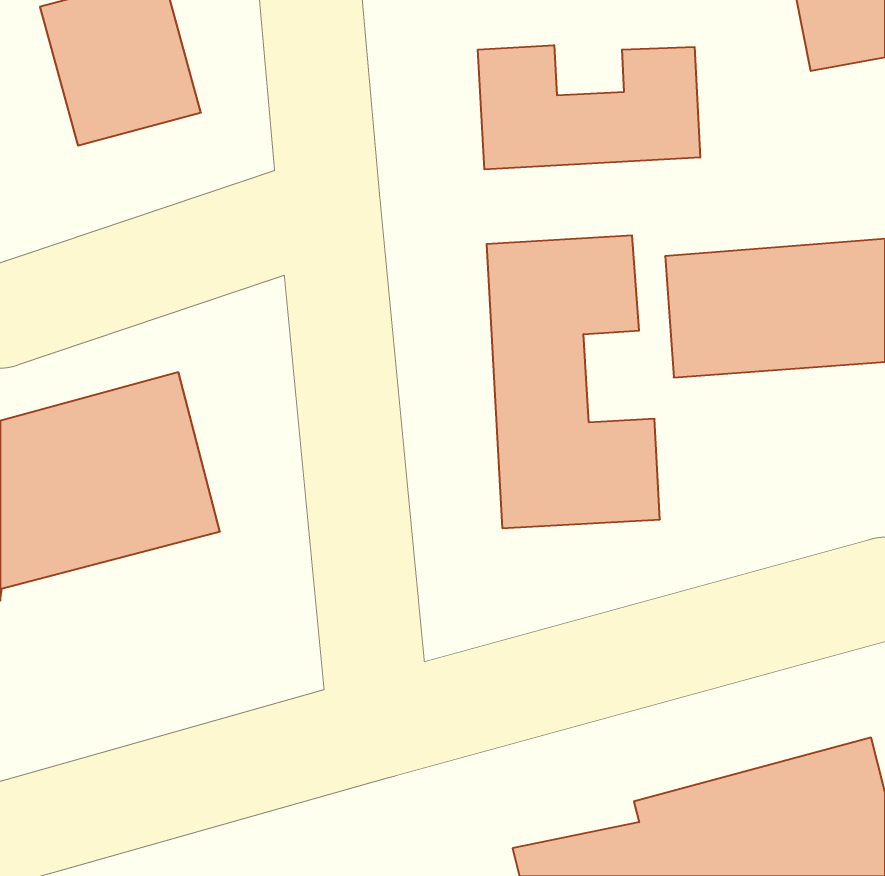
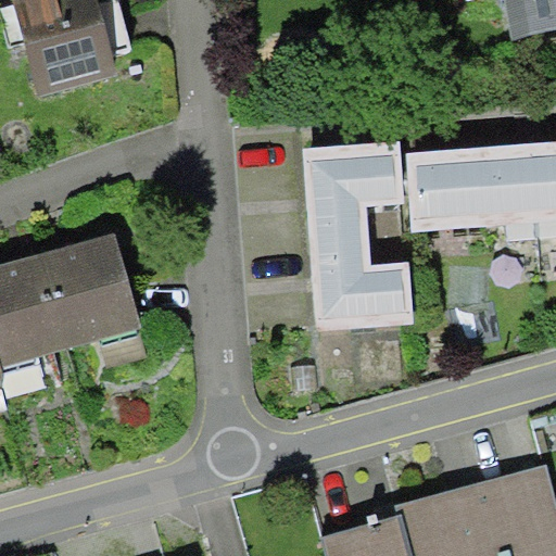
building: [478,45,700,169] -> none

